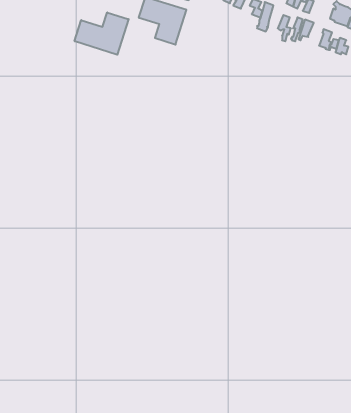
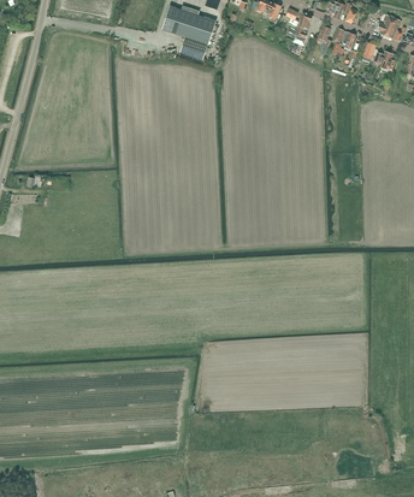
building: [75,12,129,55] -> none

